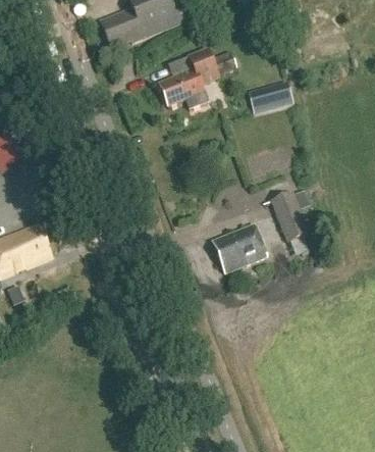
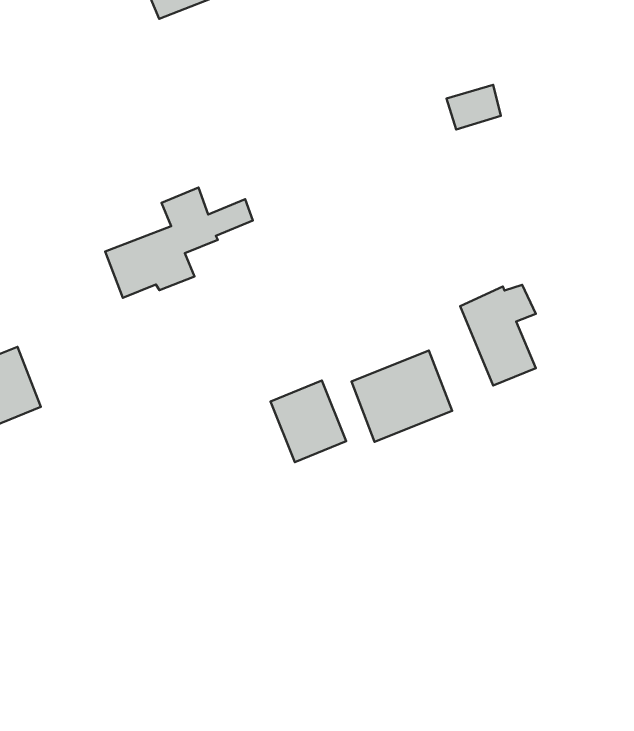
building: [158,49,235,107] -> [105,187,253,298]
building: none -> [271,380,346,462]

